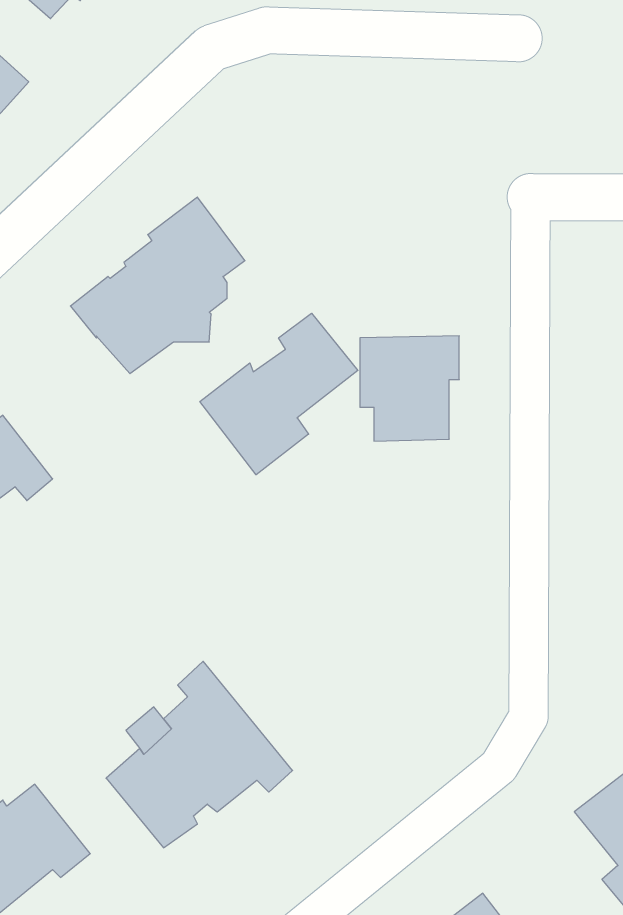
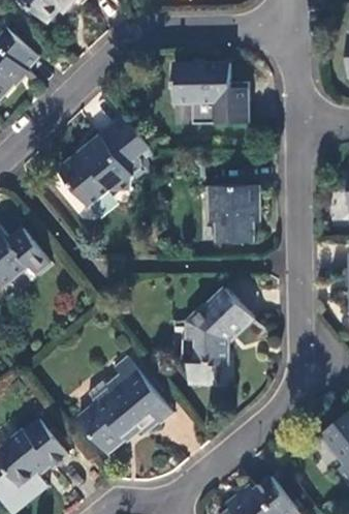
building: none -> [173,64,248,124]
building: [200,313,358,475] -> none
building: none -> [182,289,251,384]

